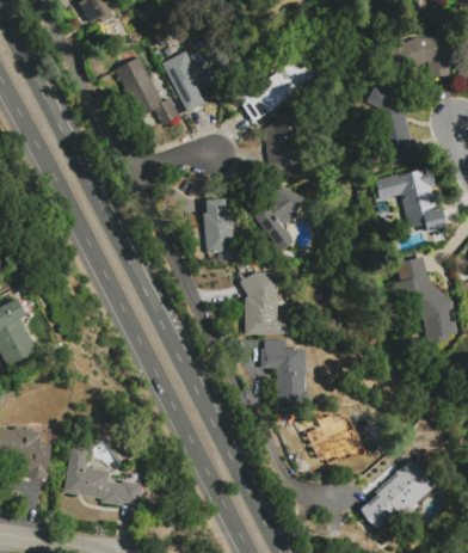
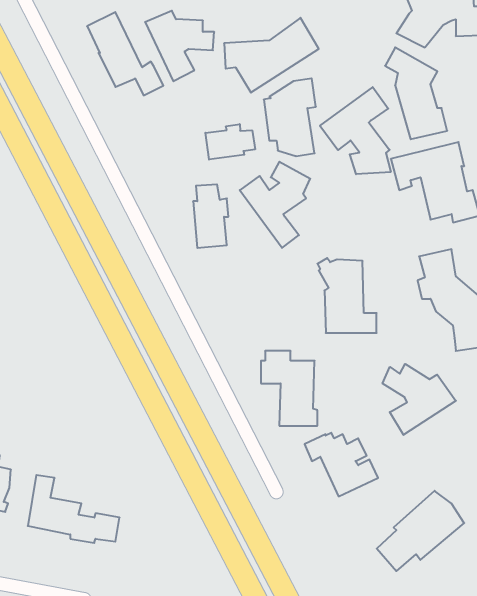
building: none -> [320,87,391,174]
building: none -> [205,124,255,160]
building: [239,271,289,334] -> [317,258,377,333]
building: none -> [383,364,456,435]

